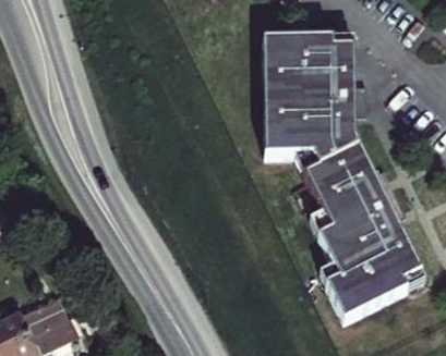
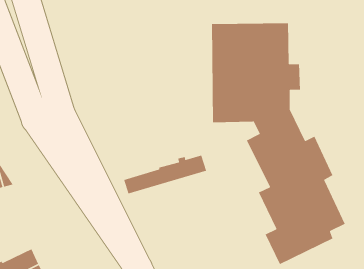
building: none -> [123,154,207,194]

